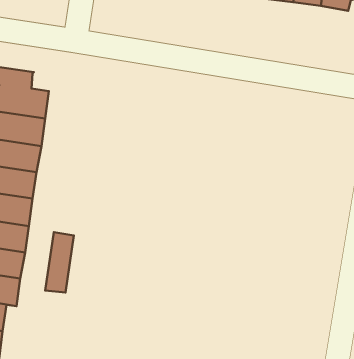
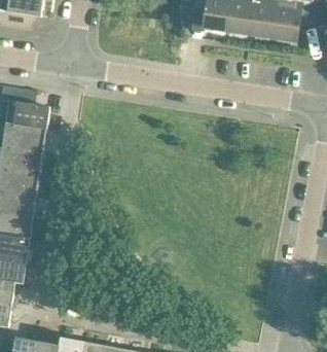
building: [45,232,74,292] -> none

